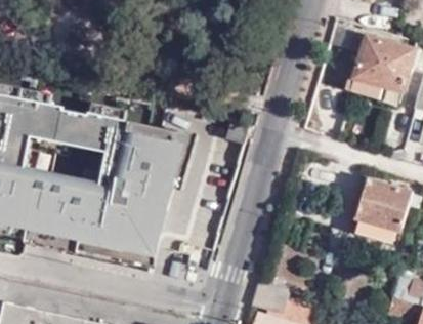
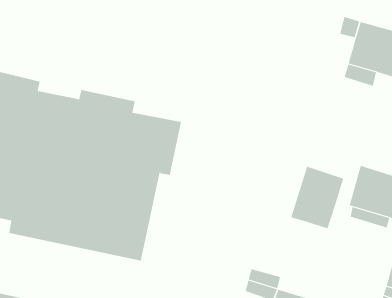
building: none -> [290,166,344,229]

